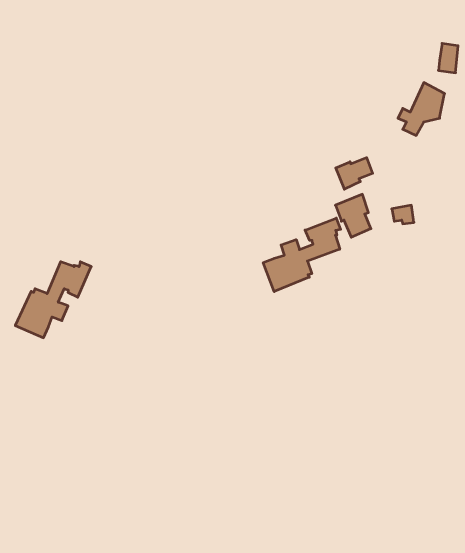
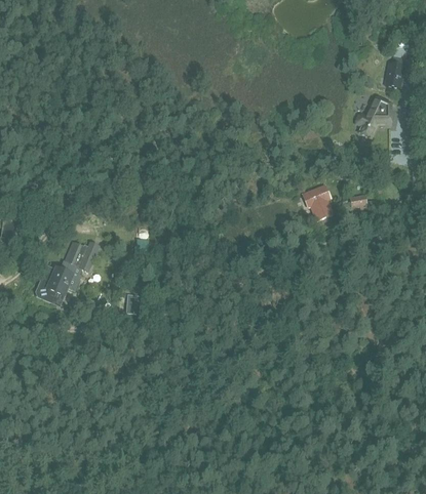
building: [336,158,373,189] -> none
building: [263,218,341,292] -> none

